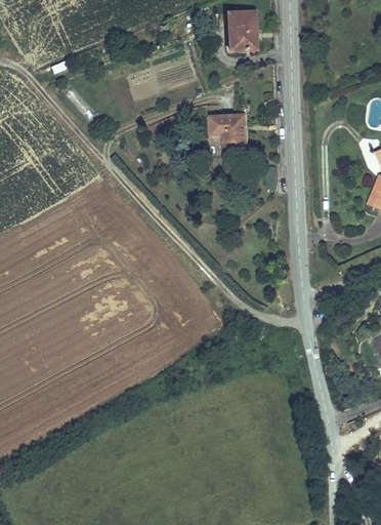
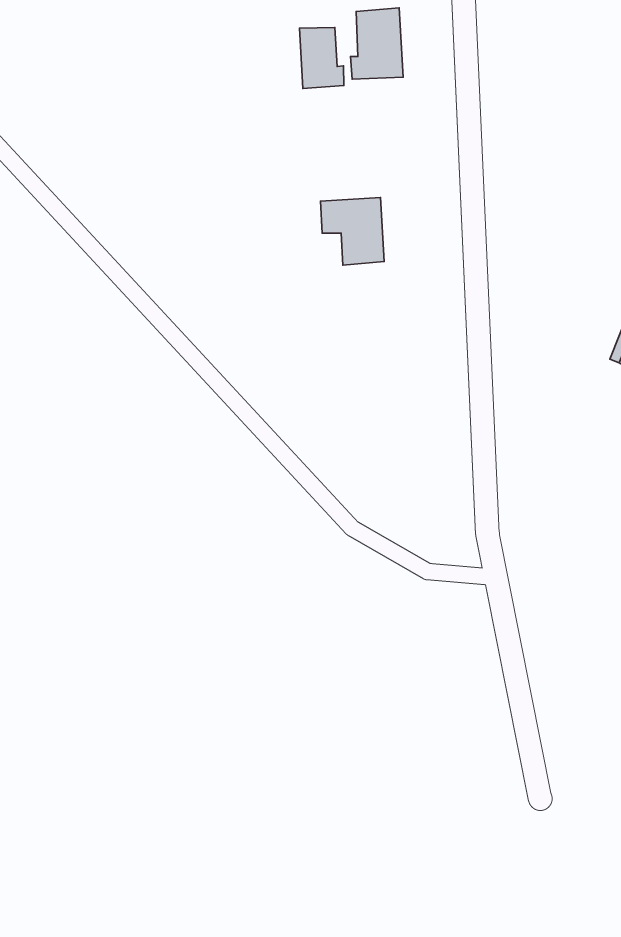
building: none -> [300,28,344,88]

